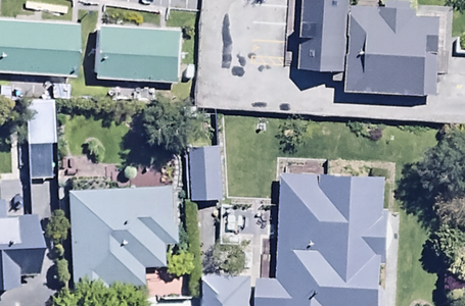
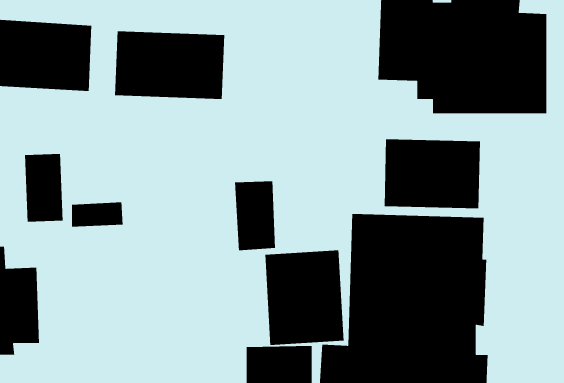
building: none -> [384,138,481,209]
building: [65,184,175,296] -> none
building: none -> [264,250,344,346]

